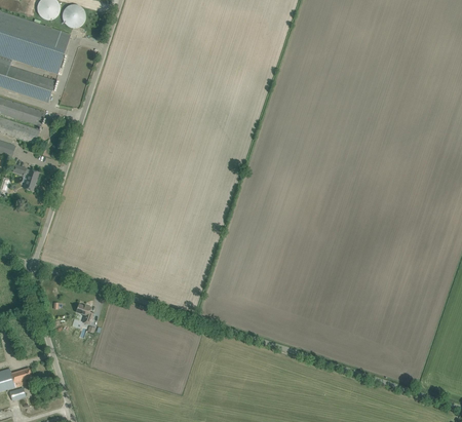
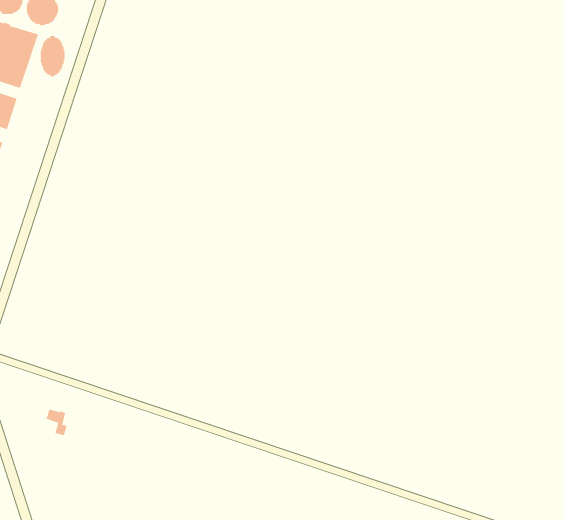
building: none -> [40,35,65,77]

